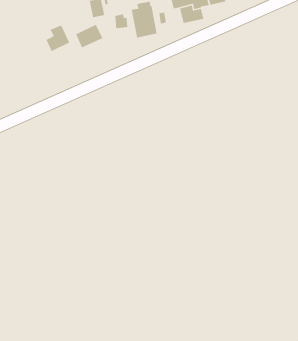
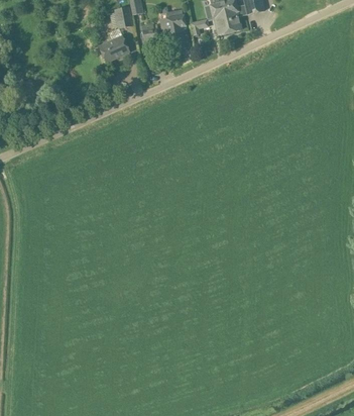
building: [45,24,70,52] -> none

